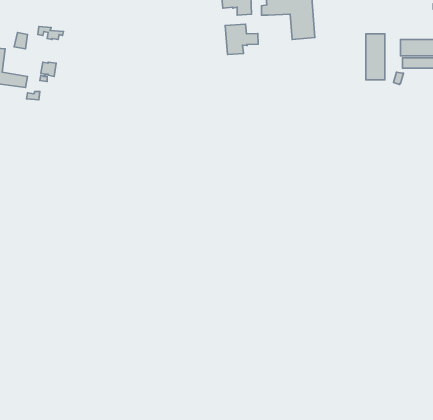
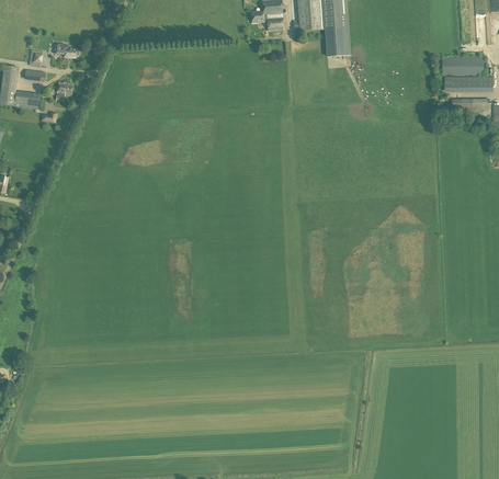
building: [225,24,258,54] -> none
building: [366,34,385,80] -> none

